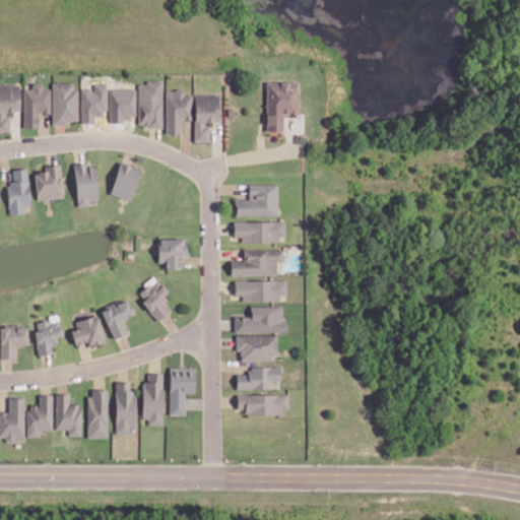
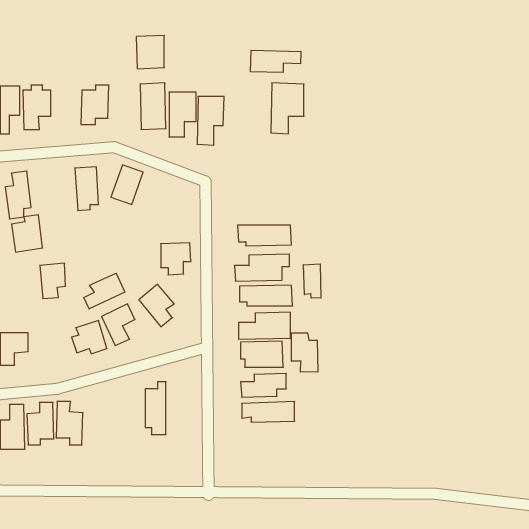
building: none -> [251,50,301,72]
building: [52,83,77,124] -> none
building: [109,89,136,122] -> [136,35,164,69]
building: [34,165,64,201] -> [11,215,43,252]
building: [236,185,278,216] -> none
building: none -> [303,264,321,298]
building: none -> [84,273,125,309]
building: [36,321,61,355] -> [40,263,66,299]
building: none -> [291,333,318,372]
building: [170,368,196,415] -> none
building: [116,382,136,435] -> none
building: [88,390,109,439] -> none

